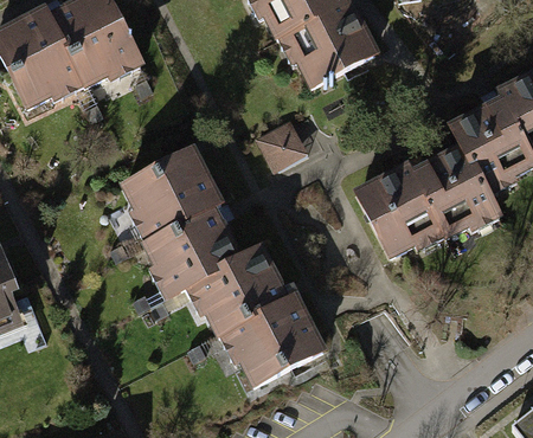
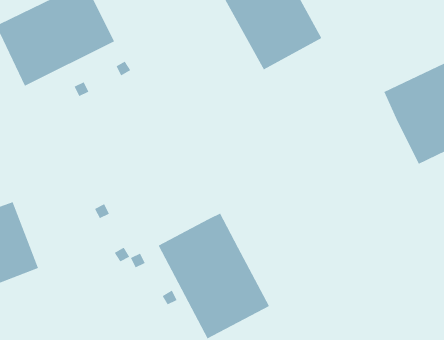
building: [256,116,306,166] -> none
building: [359,147,496,270] -> none
building: [116,150,242,295] -> none

